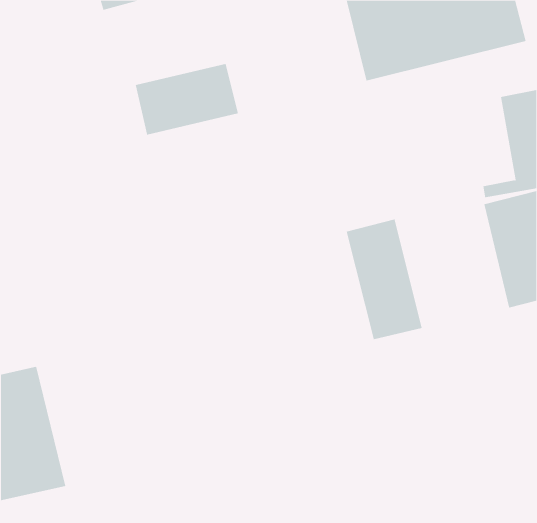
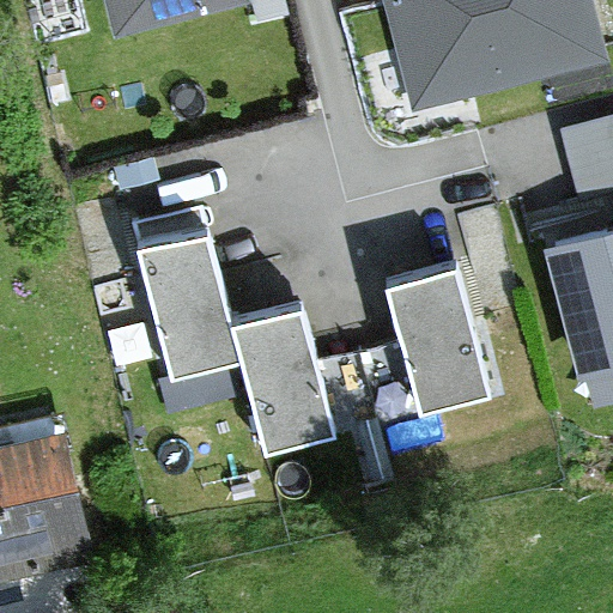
building: [135,63,238,136] -> none
building: none -> [139,217,327,445]

